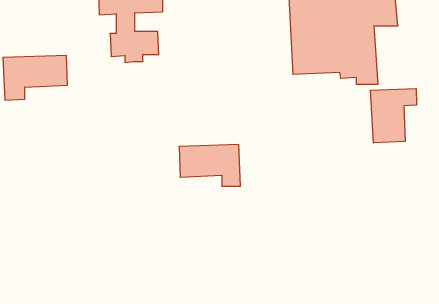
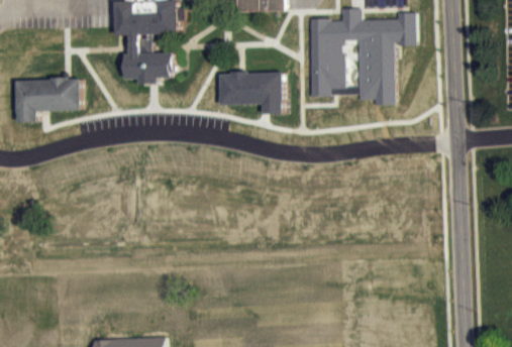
building: [370,89,417,143] -> none
building: [179,144,241,186] -> [220,71,283,113]

